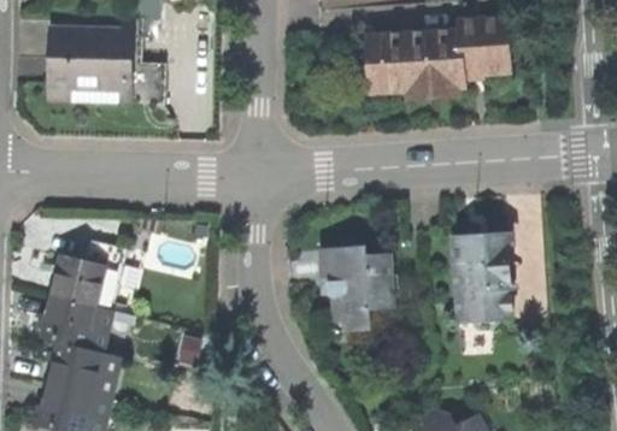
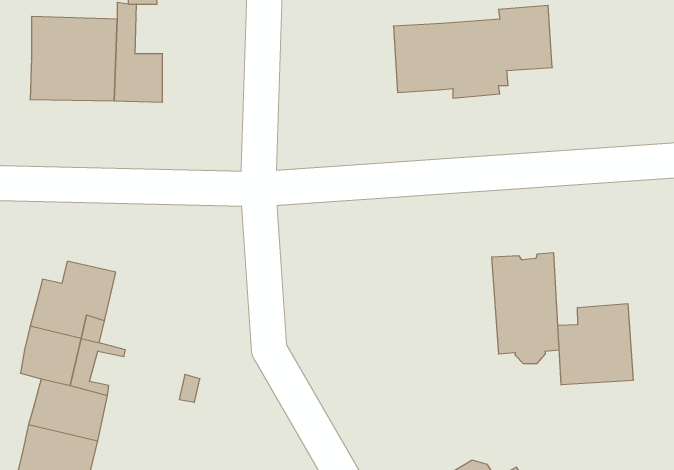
building: [319,235,390,329] -> none
building: none -> [558,304,633,385]

